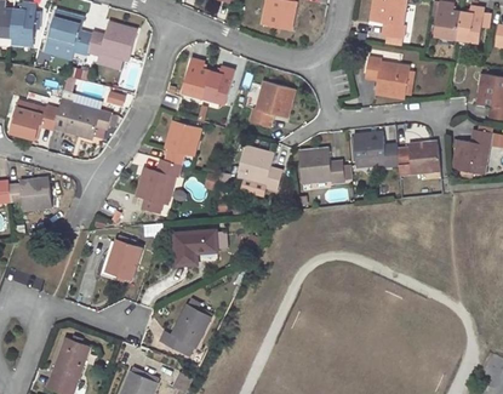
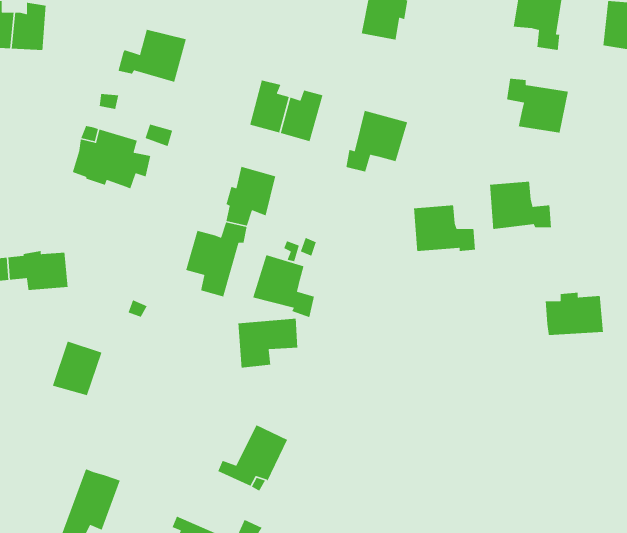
building: [46,10,91,55] -> none
building: [8,101,59,139] -> none
building: [398,142,440,173] -> [545,292,604,336]
building: [236,144,281,190] -> [252,254,315,318]
building: [105,239,142,279] -> [52,340,103,396]

